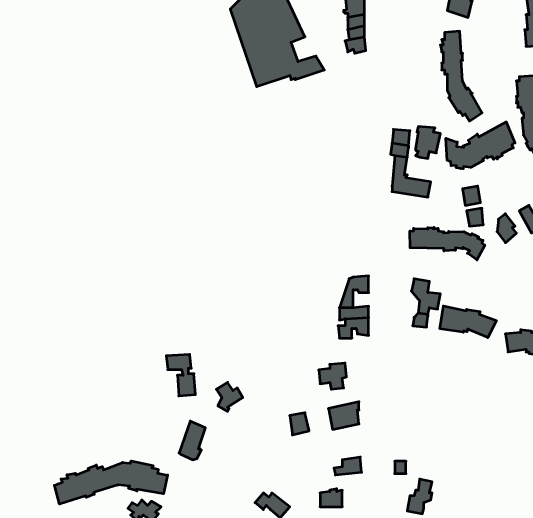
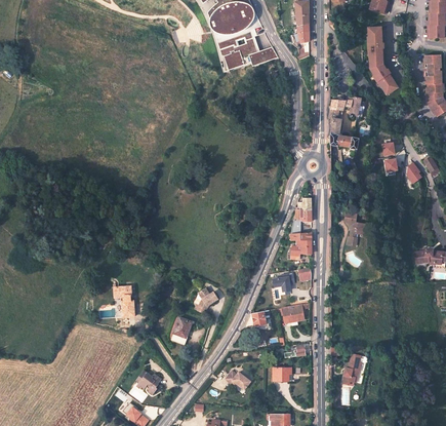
building: [446,122,515,169] -> none
building: [410,227,485,260] -> none
building: [440,306,496,338] -> none
building: [166,354,195,396] -> [113,284,134,315]
building: [54,461,168,504] -> none

